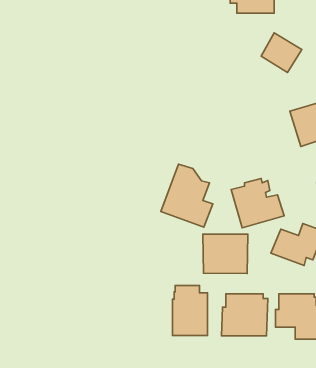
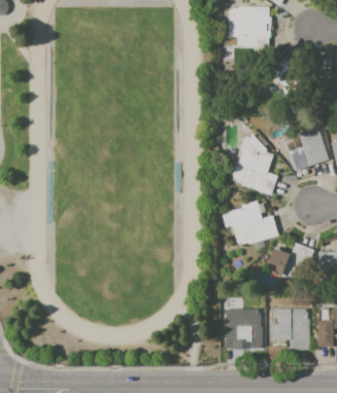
building: [161,164,213,227] -> [229,136,277,194]
building: [203,234,248,274] -> none
building: [173,285,207,336] -> none

